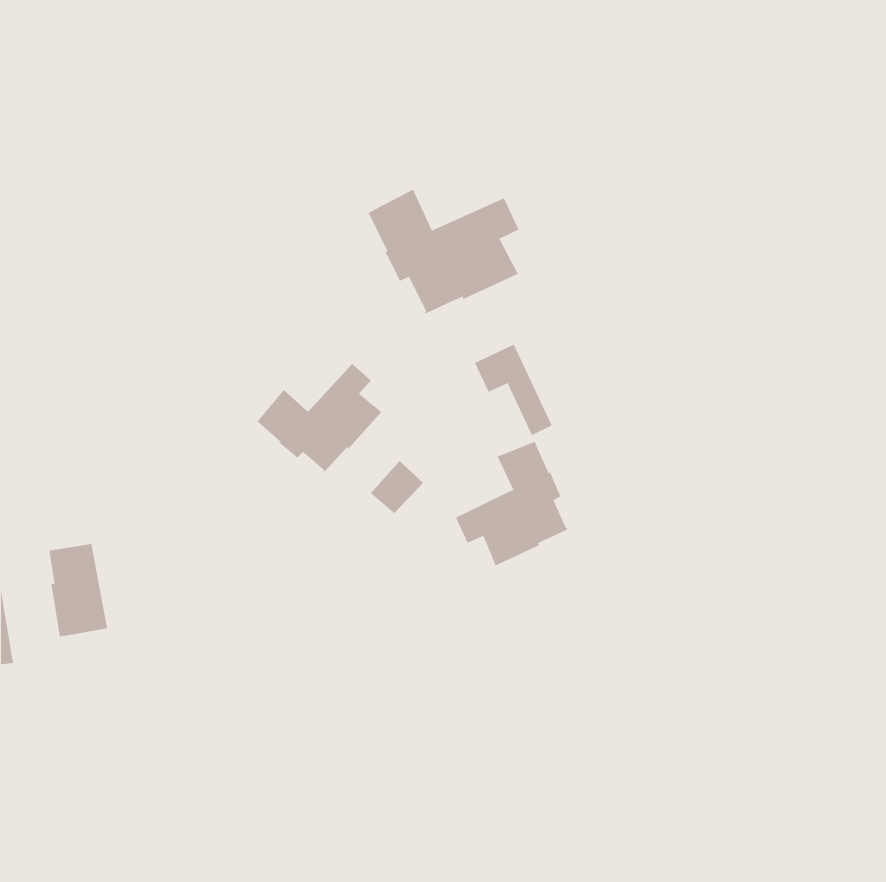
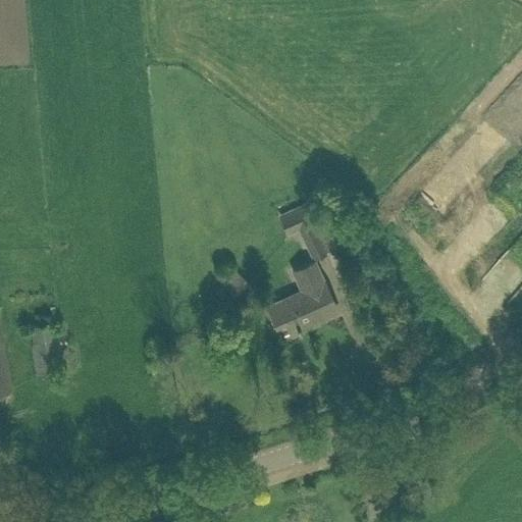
building: [368,189,519,314] -> none
building: [257,363,382,472] -> none

